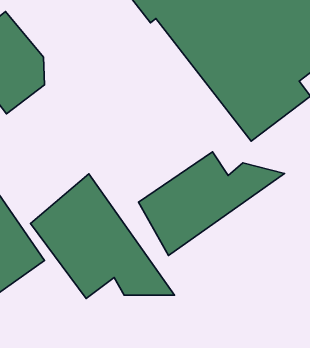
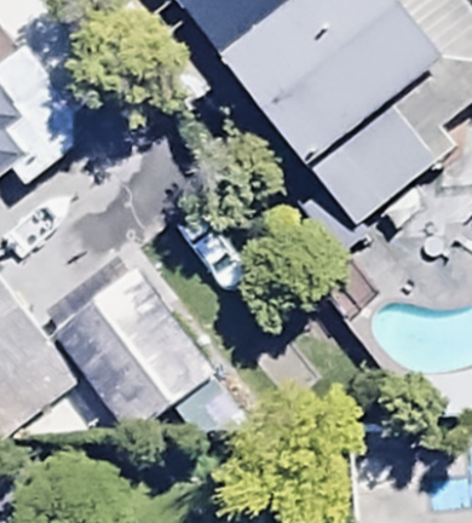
building: [139,152,284,256] -> none

